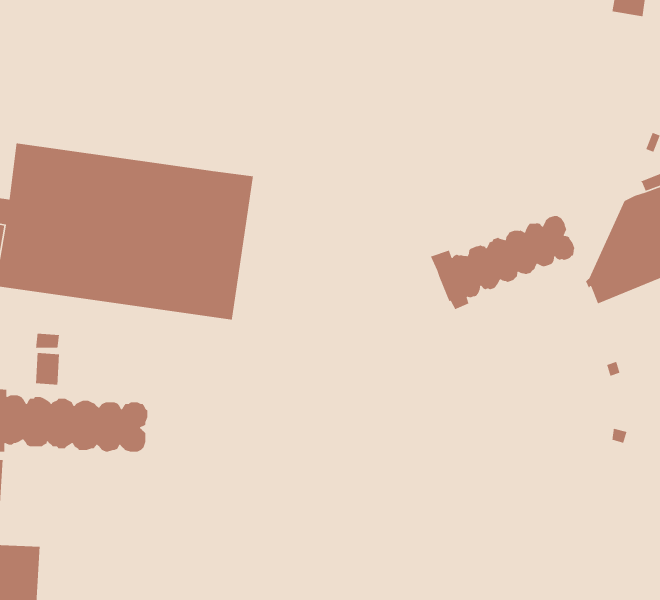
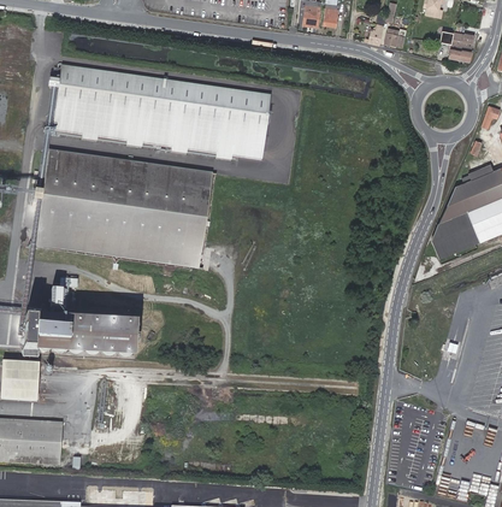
building: none -> [52,63,272,159]
building: [430,215,575,310] -> none

